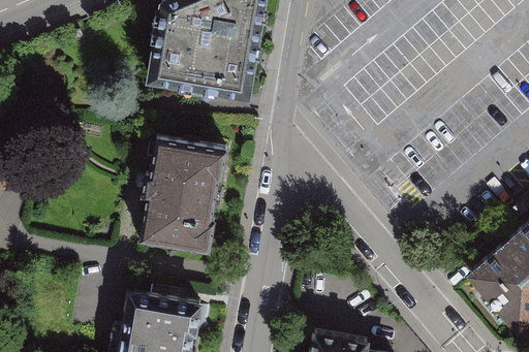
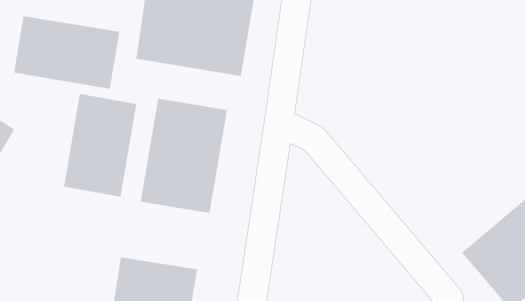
building: none -> [14,16,120,90]
building: none -> [63,93,137,197]

